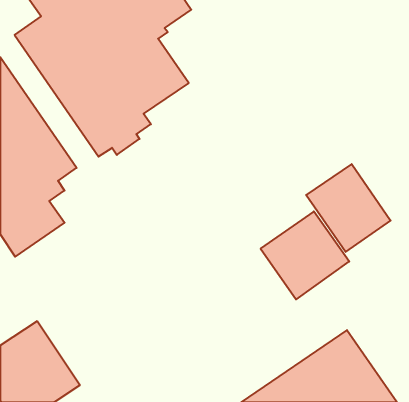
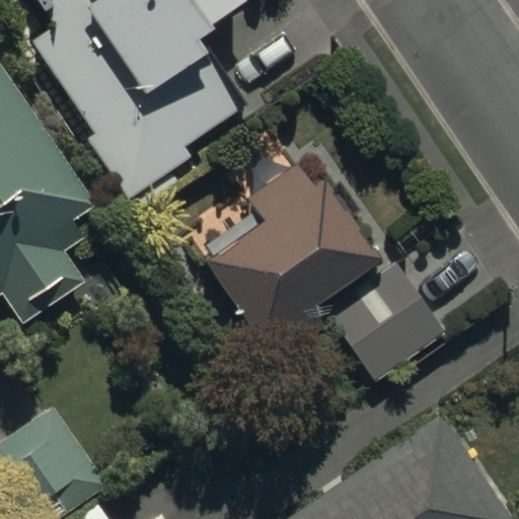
building: none -> [203,163,381,366]
building: [306,164,391,252] -> none

